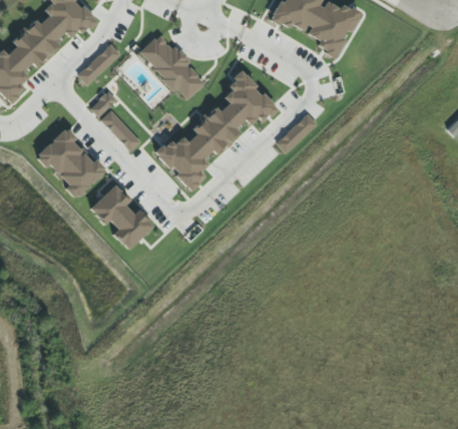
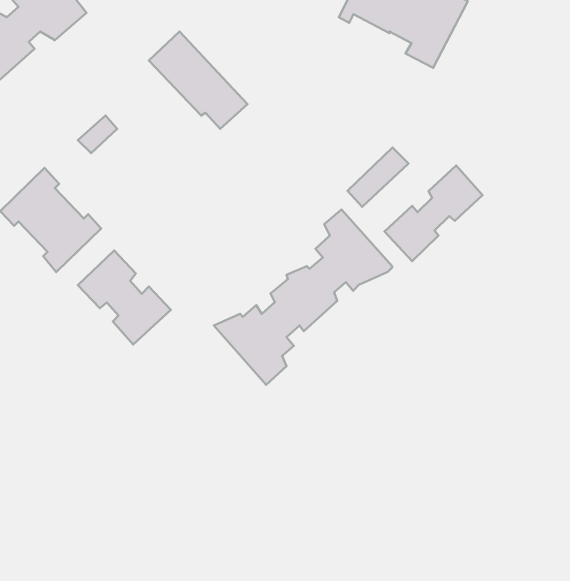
building: [78,42,122,85] -> none
building: [154,69,278,190] -> [214,210,392,385]
building: [101,109,142,151] -> none
building: none -> [385,166,483,261]

